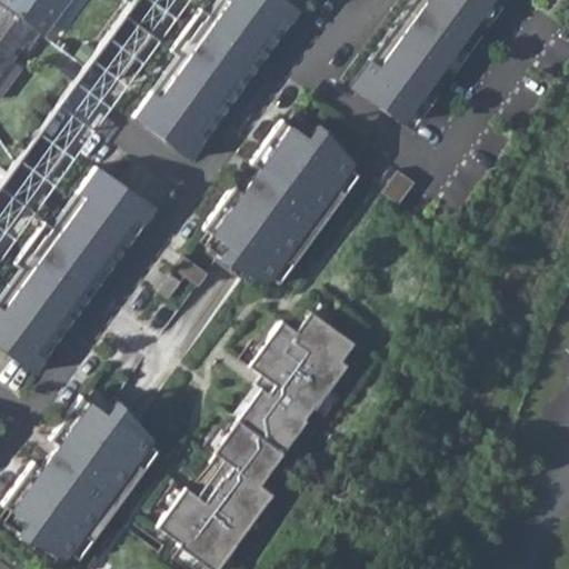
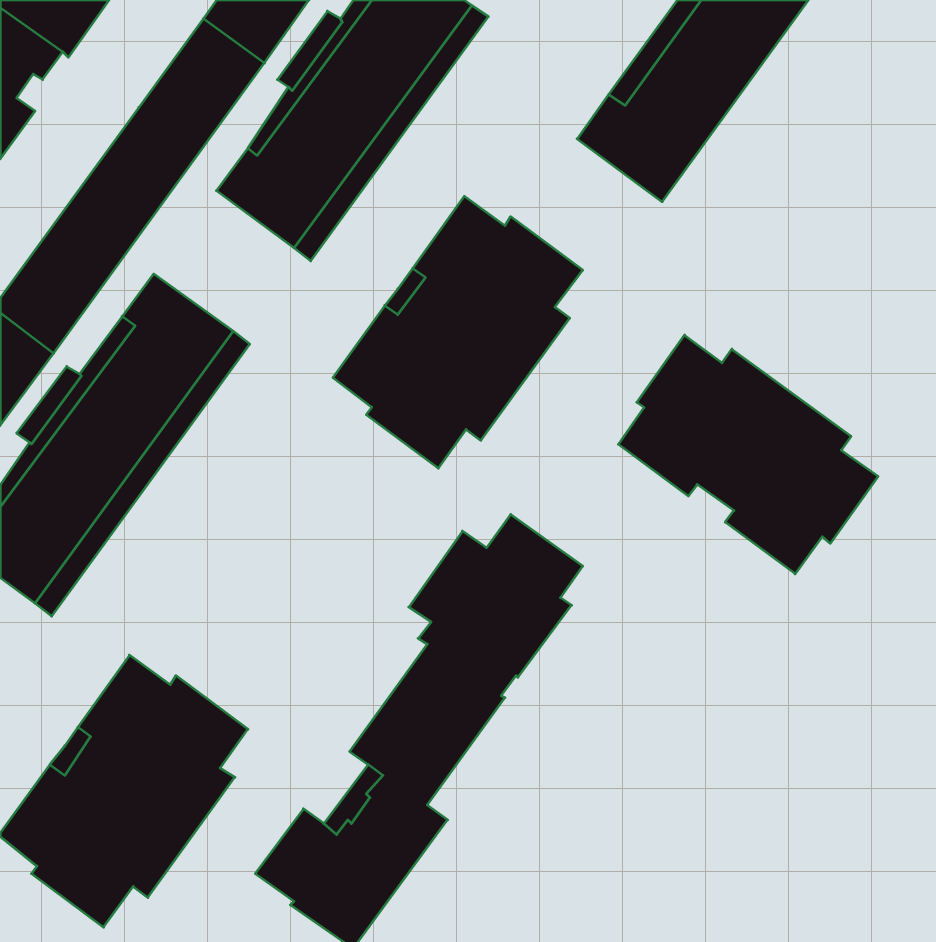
building: none -> [618,335,878,574]

